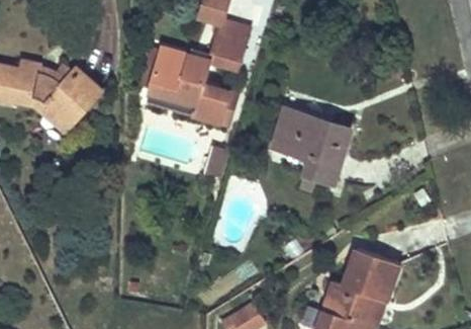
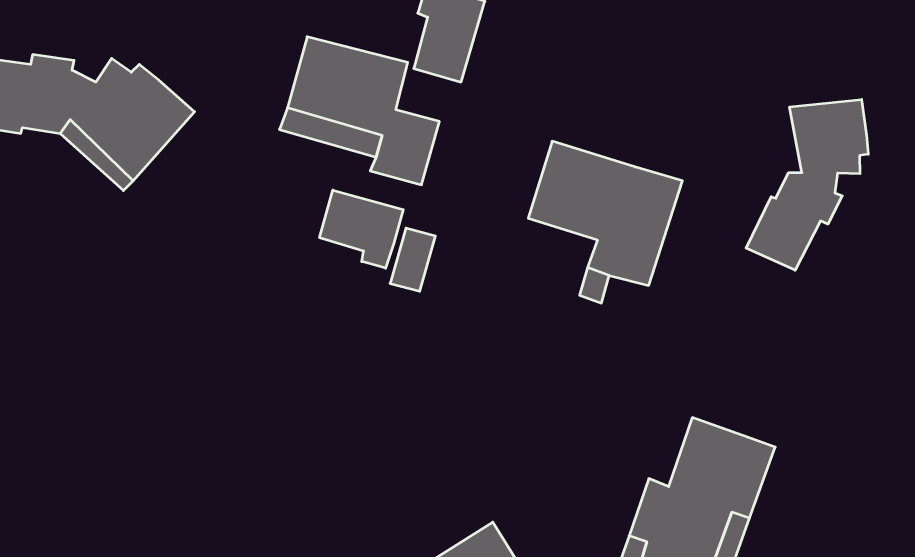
building: none -> [746,99,868,270]
building: none -> [320,190,403,268]

